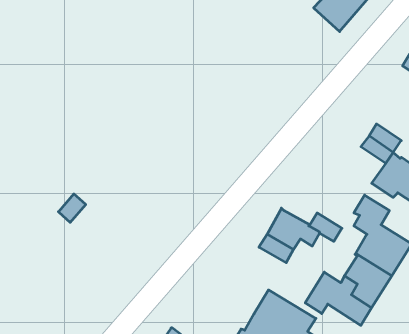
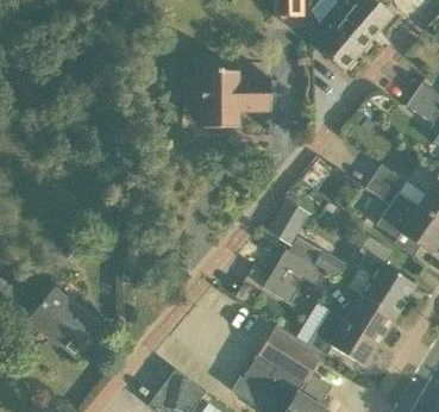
building: none -> [202,67,270,126]
building: none -> [265,198,308,245]
building: none -> [29,289,100,356]

